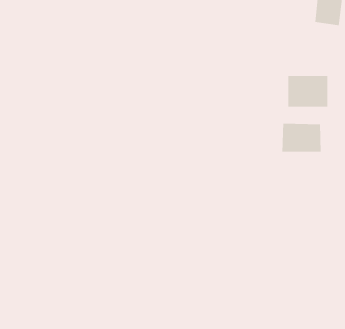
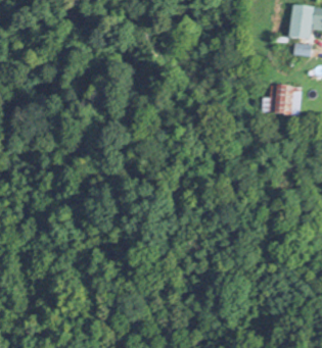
building: [282,123,321,153] -> none

